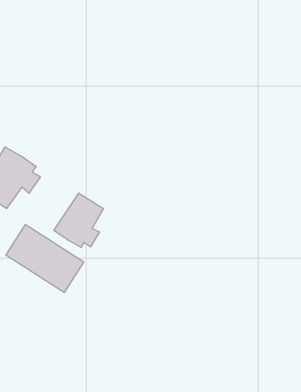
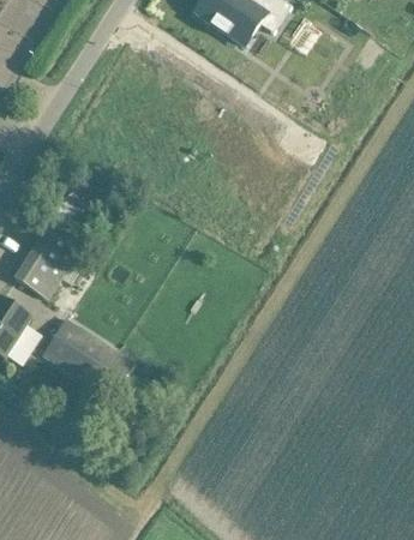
building: [54,193,104,248] -> none

